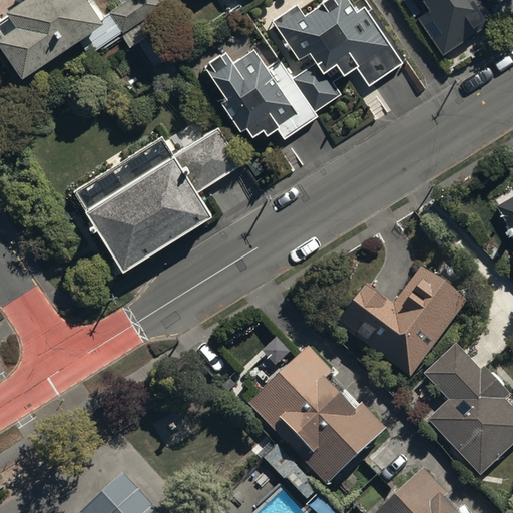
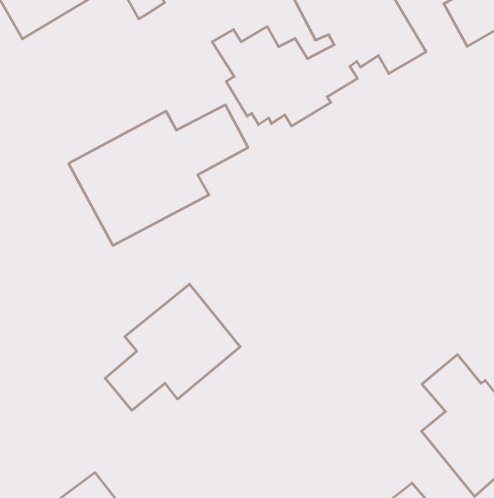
building: [335,265,466,374] -> none
building: none -> [105,284,240,410]
building: [248,345,383,481] -> none

